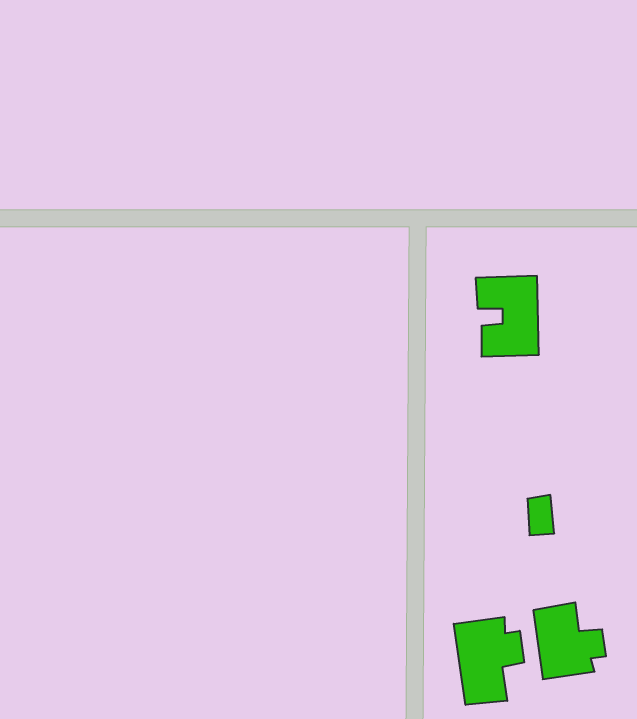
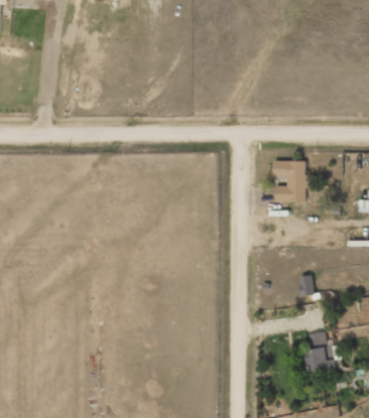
building: [454,617,524,705] -> none

